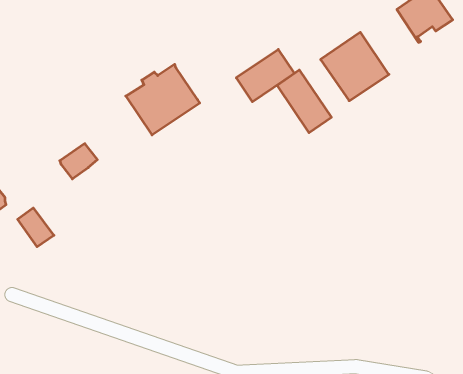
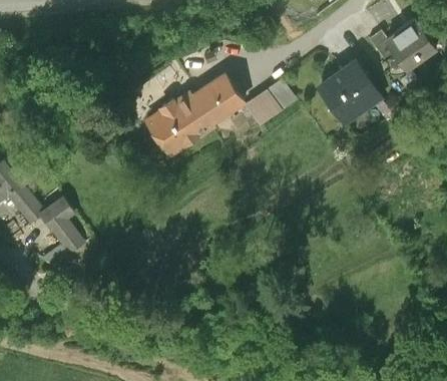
building: none -> [191,72,245,122]
building: [277,70,331,133] -> none
building: [60,144,97,179] -> [41,197,74,228]

